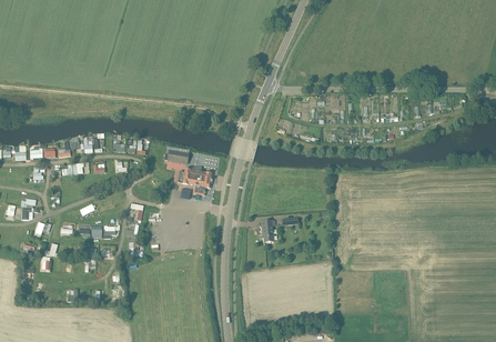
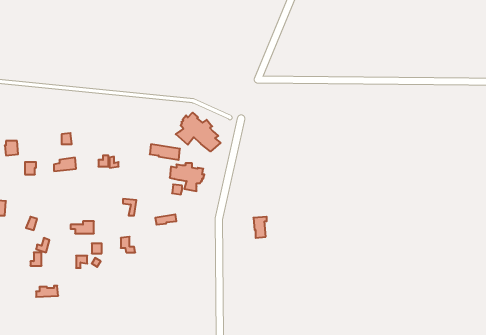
building: none -> [176,113,221,151]

